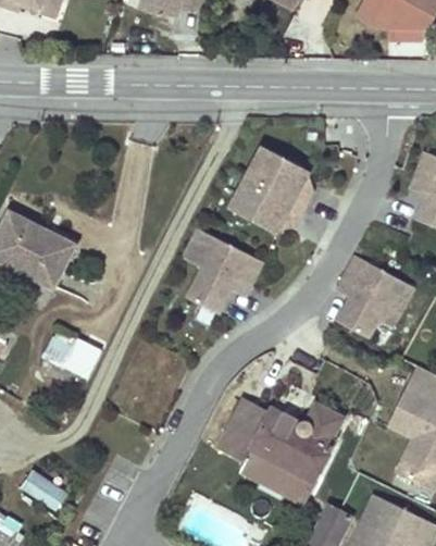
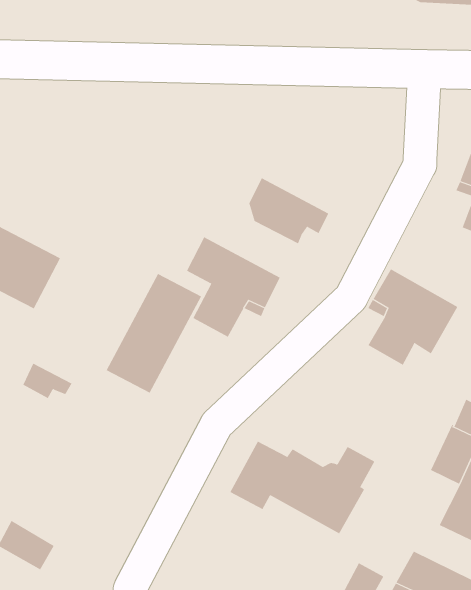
building: [245,150,311,207] -> none
building: none -> [106,273,202,393]
building: [239,447,311,501] -> none

